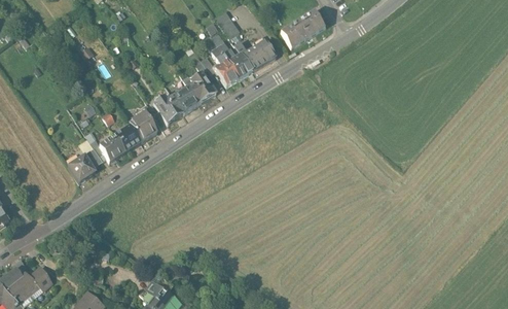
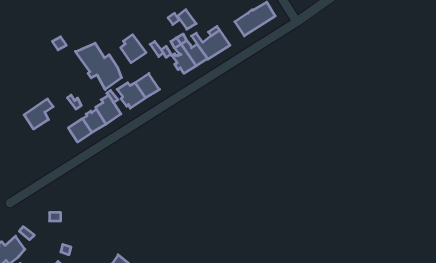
building: none -> [75,43,122,90]
building: [188,72,216,103] -> [121,35,146,63]
building: [69,147,101,180] -> [24,99,53,129]

